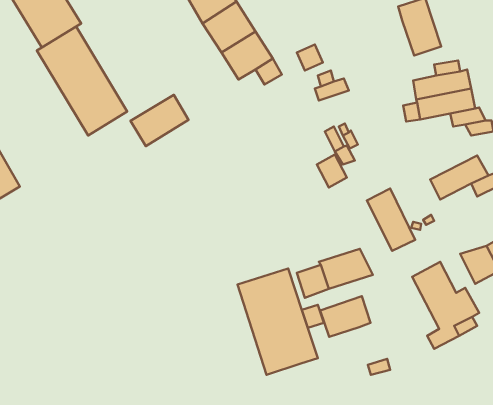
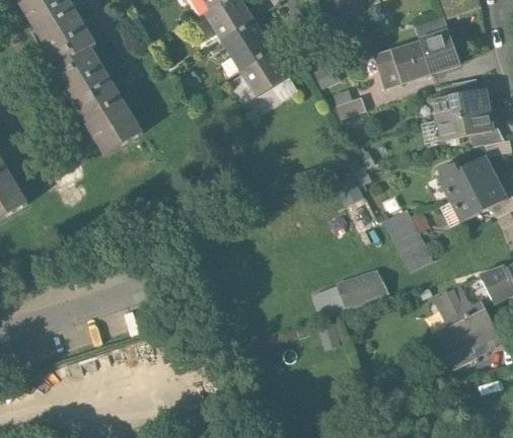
building: none -> [372,38,432,88]
building: [130,95,188,146] -> none
building: none -> [434,155,496,199]
building: [238,269,318,375] -> none
building: [320,296,371,337] -> none

